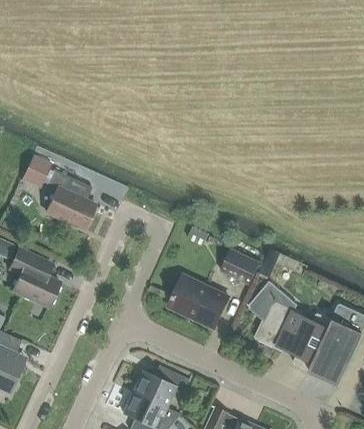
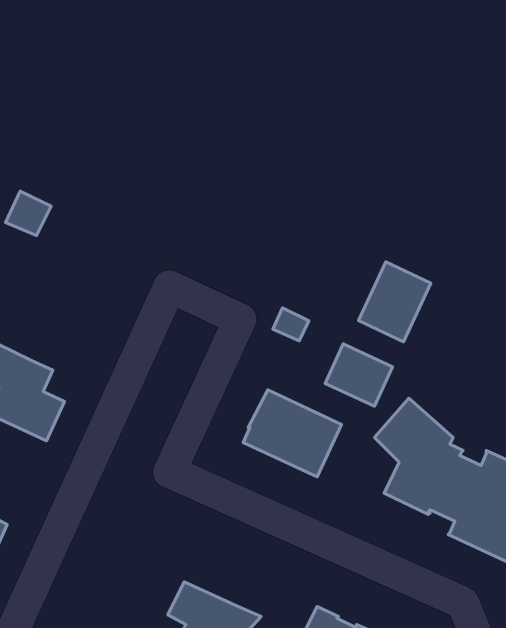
building: [45,170,95,230] -> none
building: none -> [358,262,431,342]
building: [132,366,188,408] -> none

